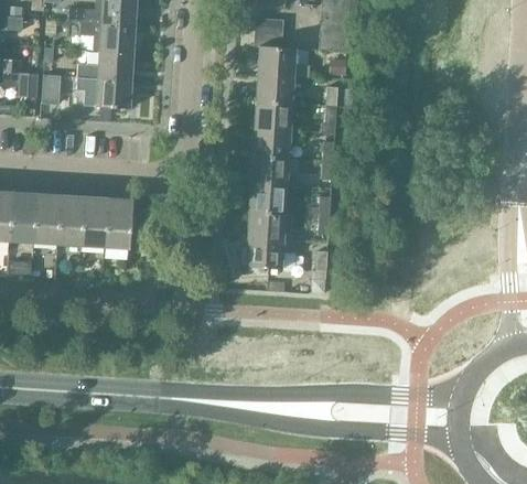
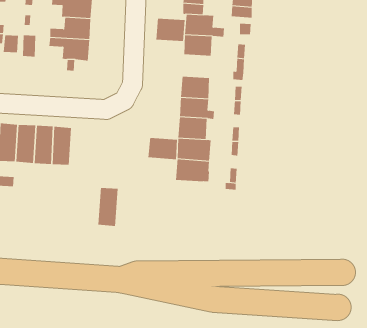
building: [254,100,293,131] -> [155,18,185,41]
building: [105,197,132,249] -> [98,188,118,227]
building: none -> [148,137,177,160]

